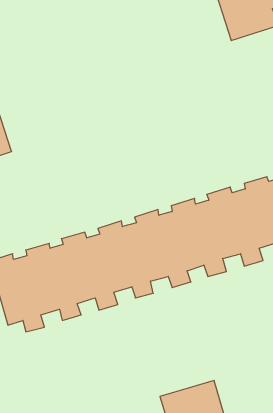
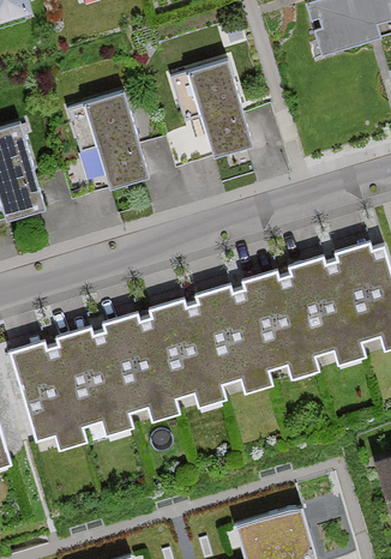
building: none -> [172,67,253,163]
building: none -> [67,100,149,194]

